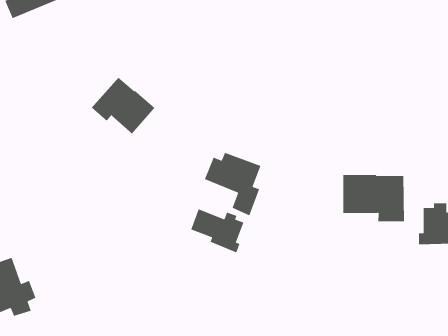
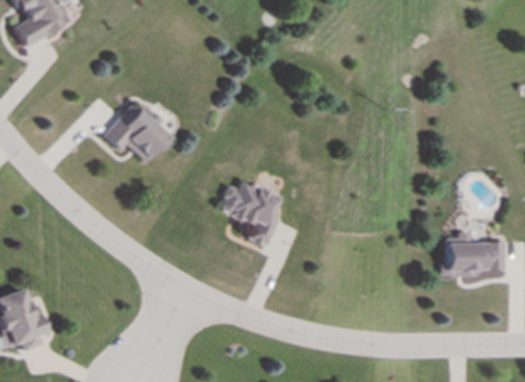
building: [343,174,405,222] -> none
building: [190,208,244,254] -> none

